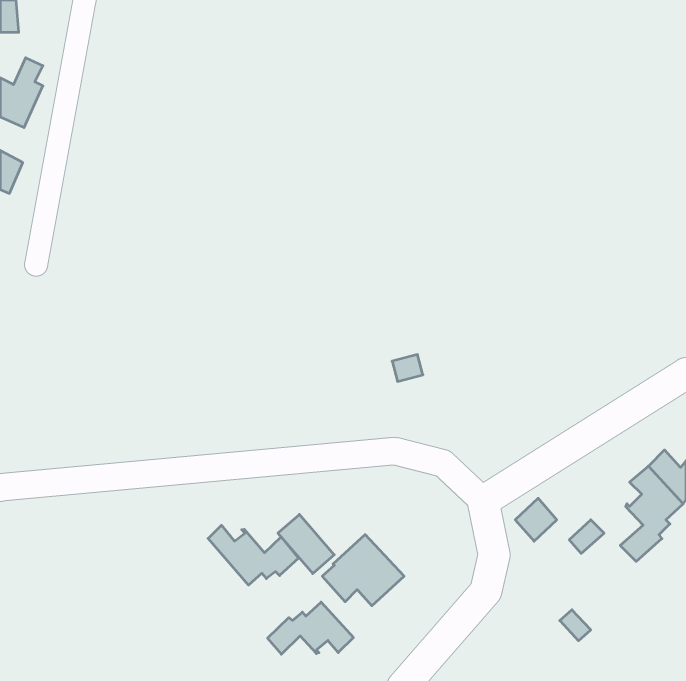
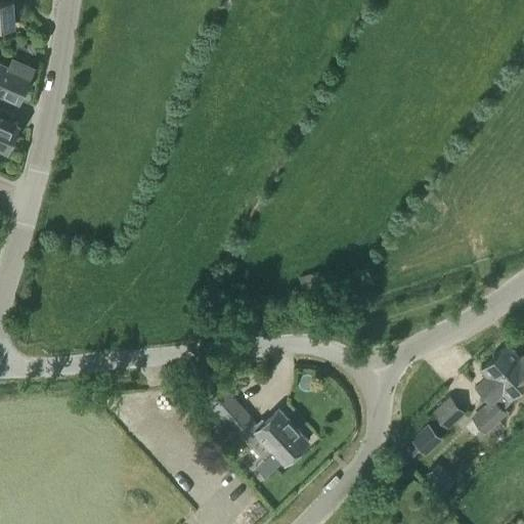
building: [515,498,557,541] -> [411,426,443,458]
building: [208,525,299,585] -> none
building: [268,602,353,654] -> none

